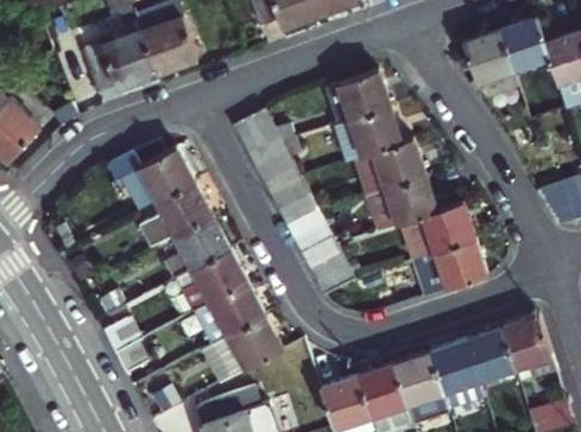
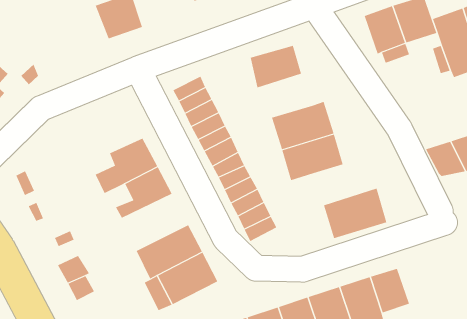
building: [89,26,160,85] -> none
building: [330,106,398,160] -> none
building: [127,145,201,208] -> none
building: [400,203,474,259] -> none
building: [172,246,254,312] -> none
building: [498,319,556,386] -> none

